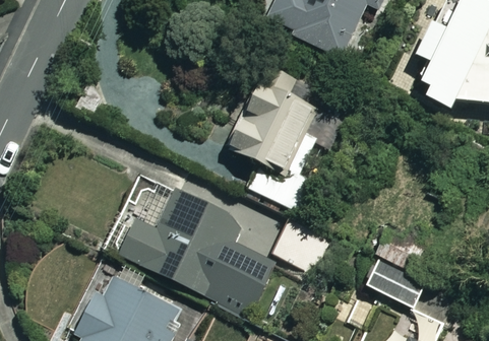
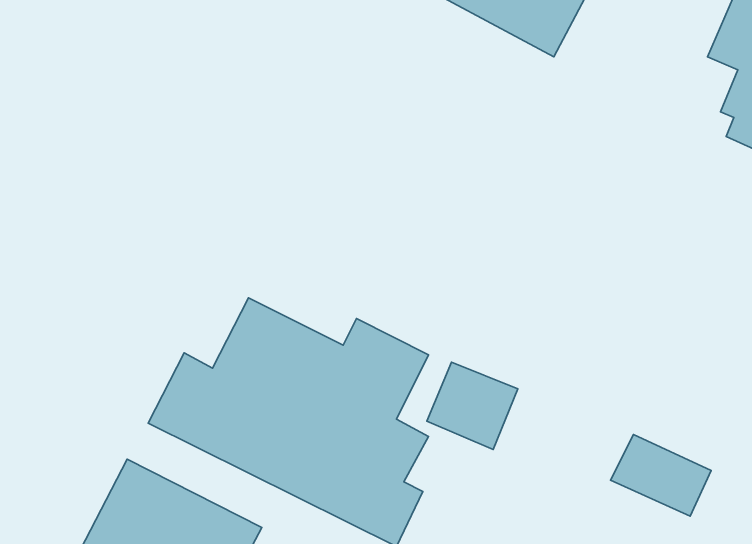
building: [233,72,325,210] -> none

